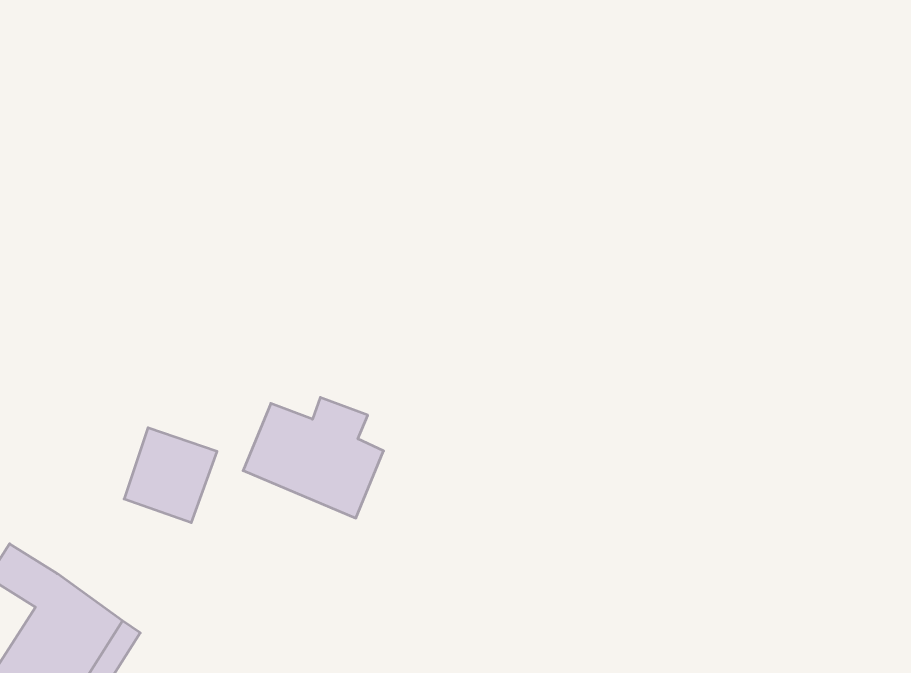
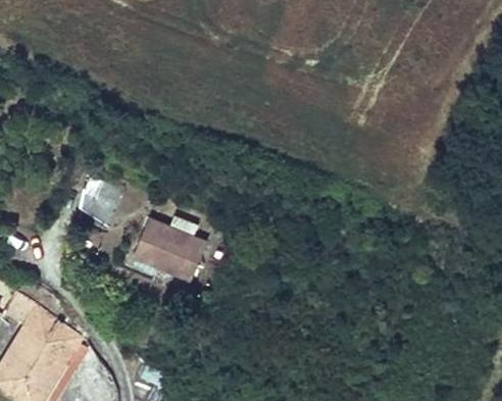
building: [124,428,217,523] -> [76,177,123,225]

